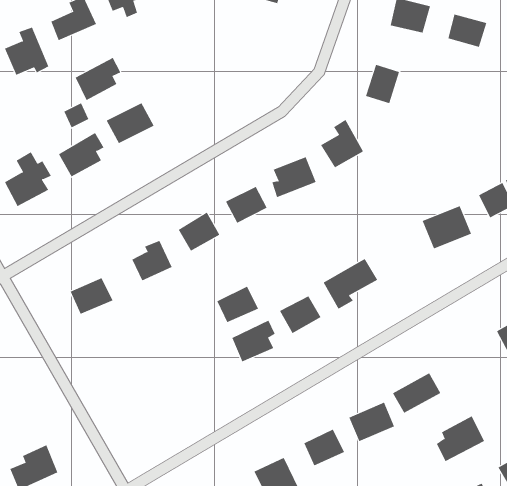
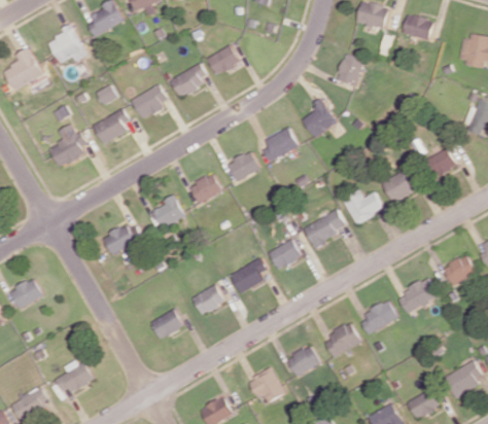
building: none -> [206,44,240,76]
building: [75,57,121,101] -> [169,63,206,98]
building: none -> [343,189,385,224]
building: [217,286,259,323] -> [191,284,225,314]
building: none -> [149,309,183,339]
building: [436,415,485,462] -> [399,276,439,313]

